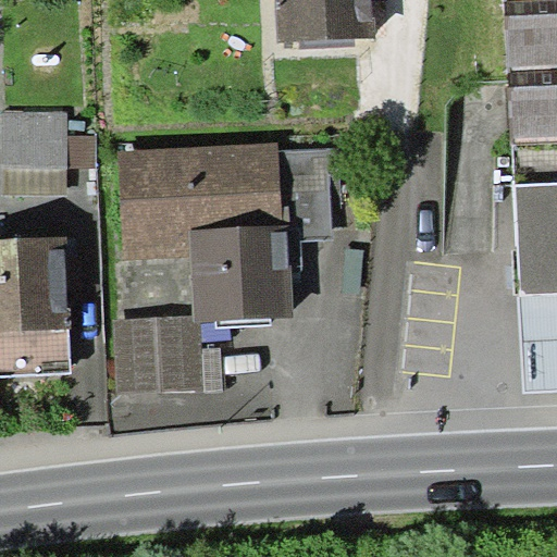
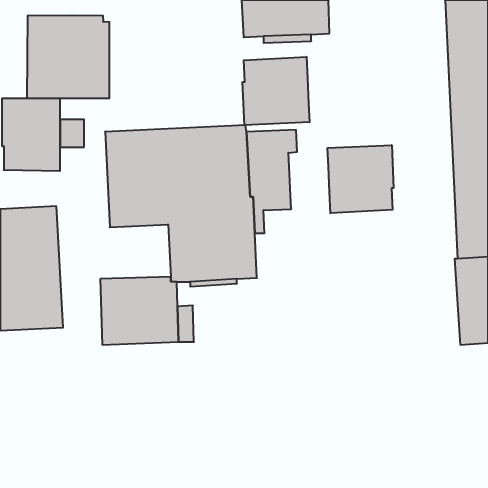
building: none -> [27,15,109,98]
building: none -> [243,57,309,125]
building: none -> [328,145,394,213]

